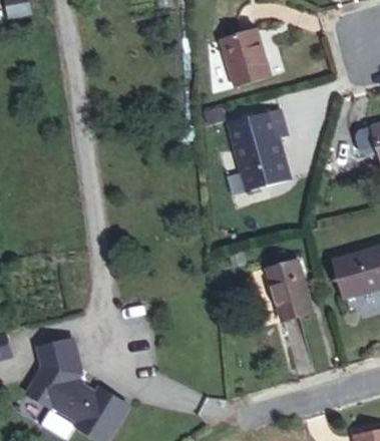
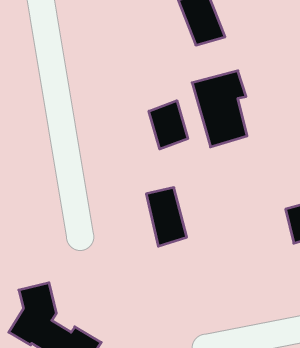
building: none -> [149,101,188,149]
building: [267,259,311,323] -> [146,188,187,246]

